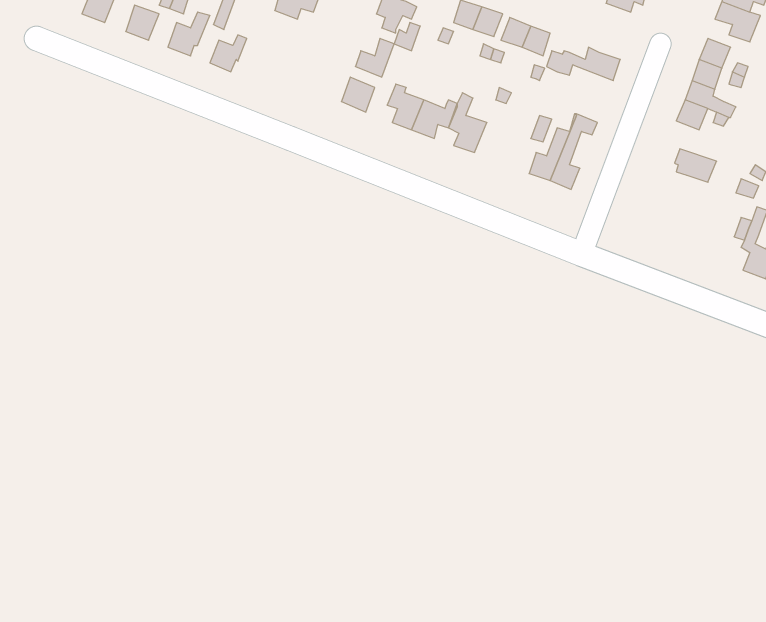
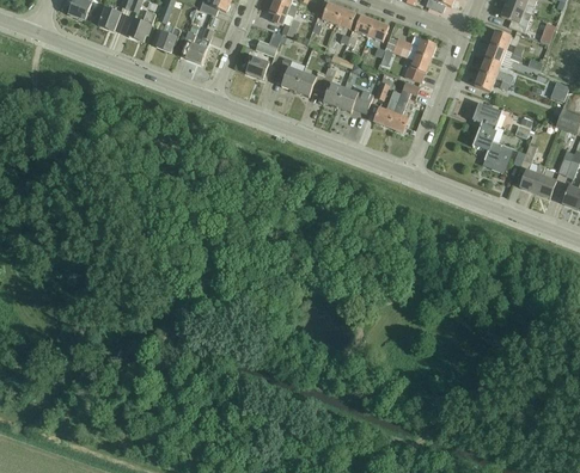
building: none -> [182,27,213,63]
building: none -> [401,47,431,81]
building: none -> [336,86,373,112]
building: none -> [472,122,511,170]

